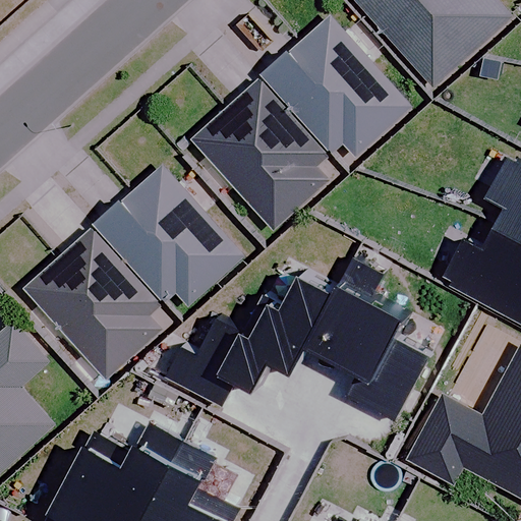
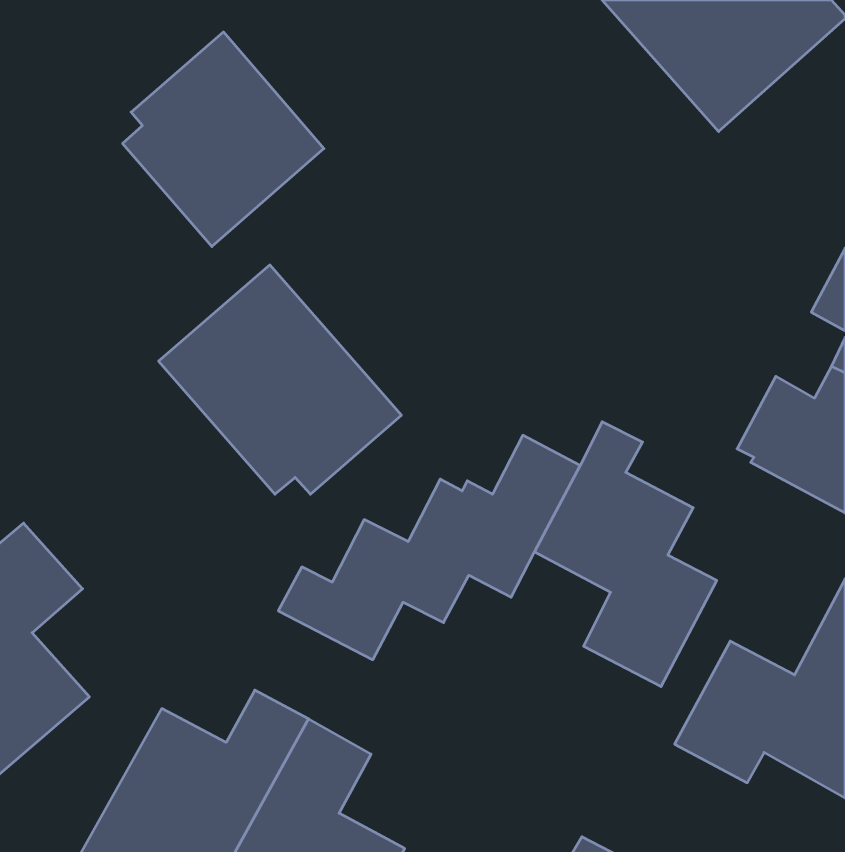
building: [263,17,410,156] -> none
building: none -> [123,32,324,247]
building: [193,80,329,231] -> none
building: [25,230,162,381] -> none

